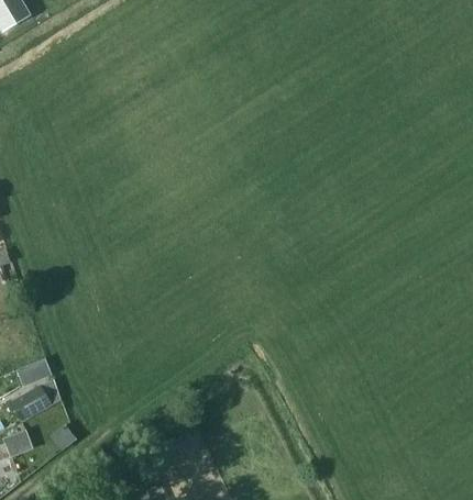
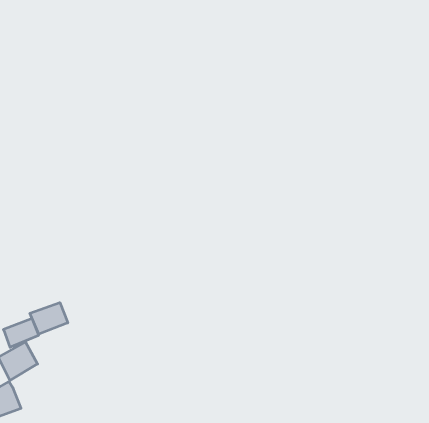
building: none -> [30,303,68,334]

